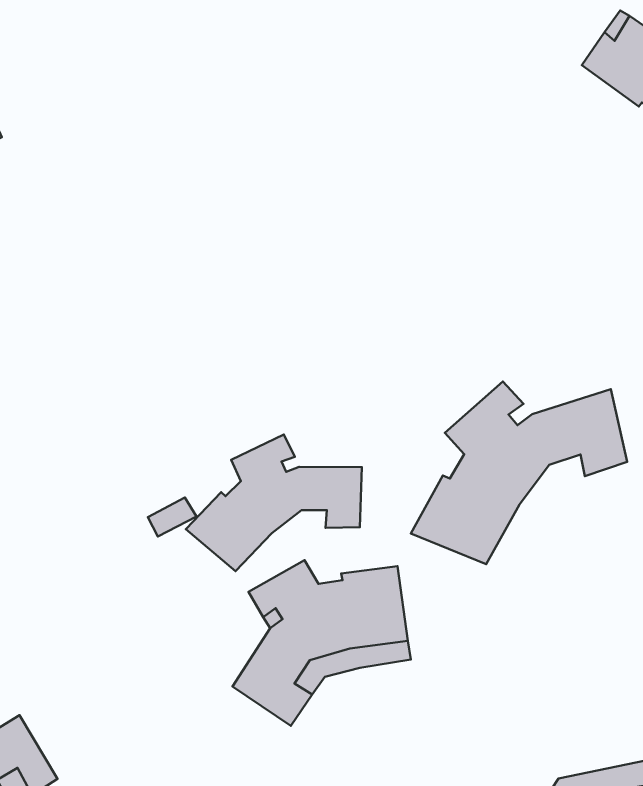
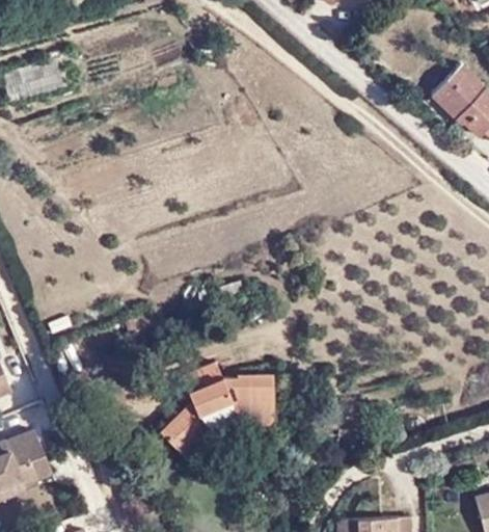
building: [411,382,627,564] -> none
building: [186,435,362,571] -> none

